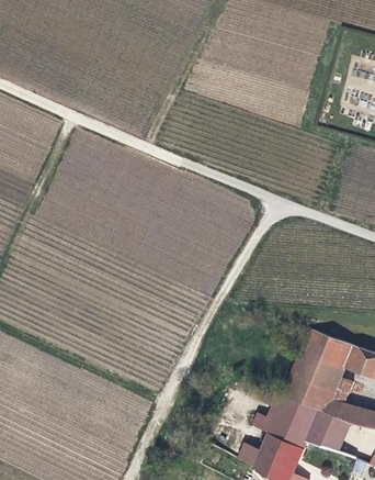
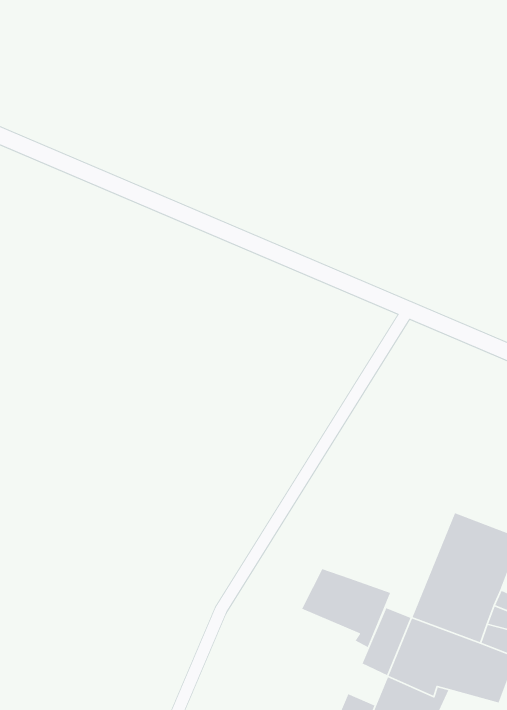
building: none -> [301,568,391,648]

